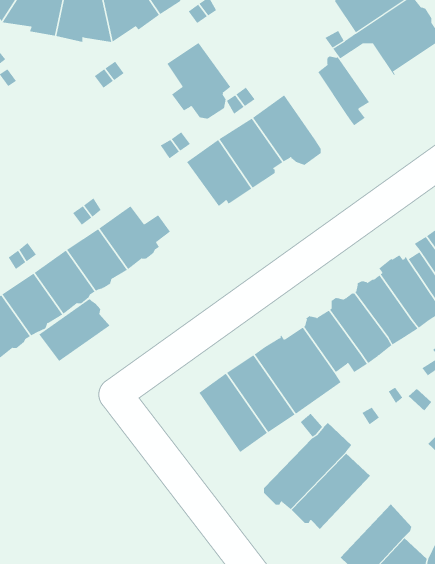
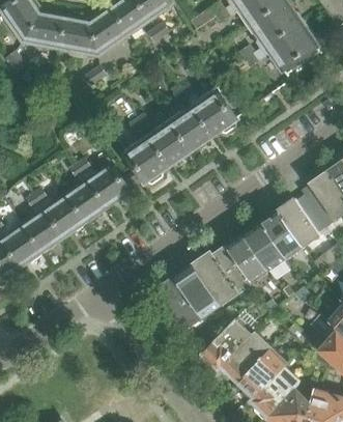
building: [166,42,231,119] -> [125,134,169,186]
building: [317,55,370,126] -> none
building: [38,298,110,362] -> none
building: none -> [237,345,287,400]

